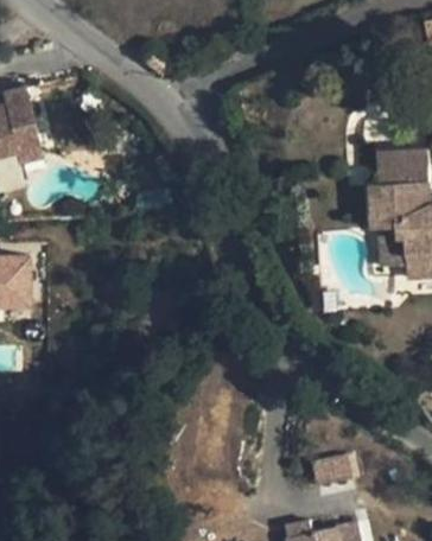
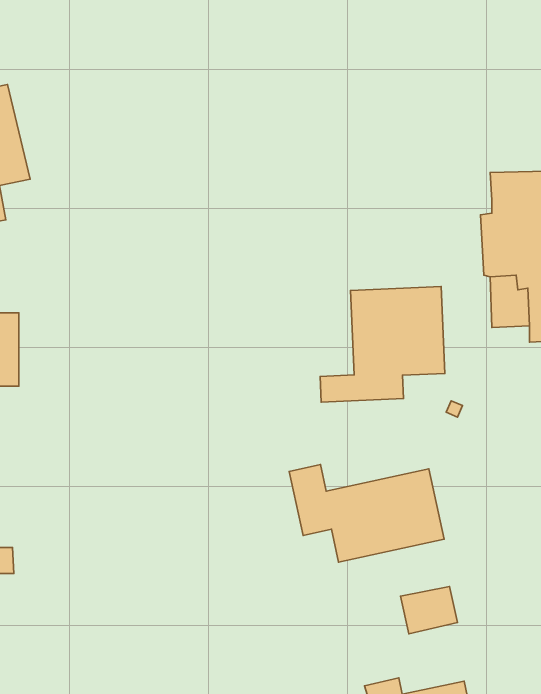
building: none -> [320,287,445,402]
building: none -> [289,465,444,562]

